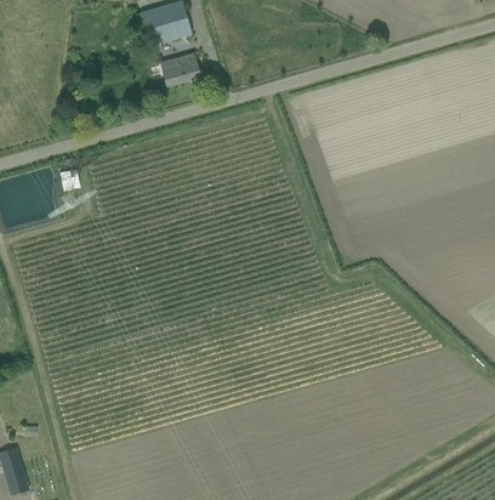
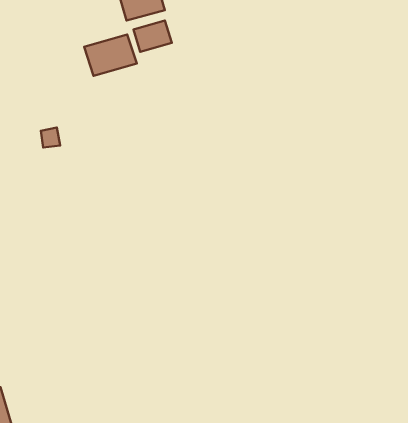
building: none -> [84,34,137,76]

